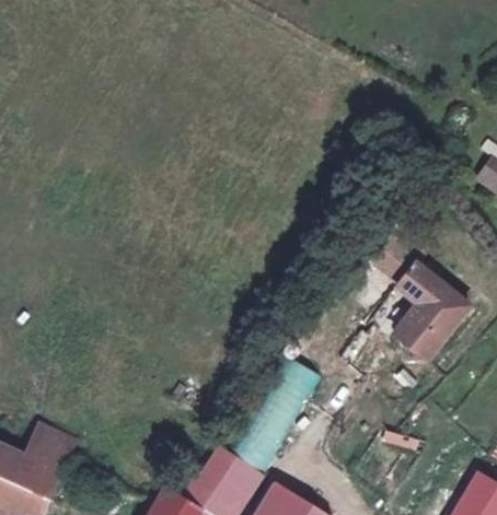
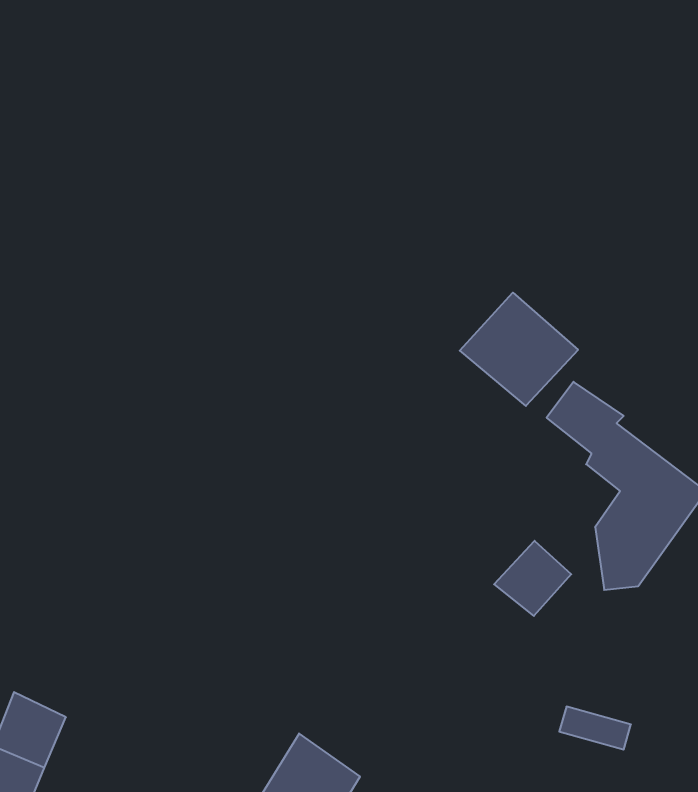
building: none -> [460,293,578,406]
building: none -> [494,541,571,616]

